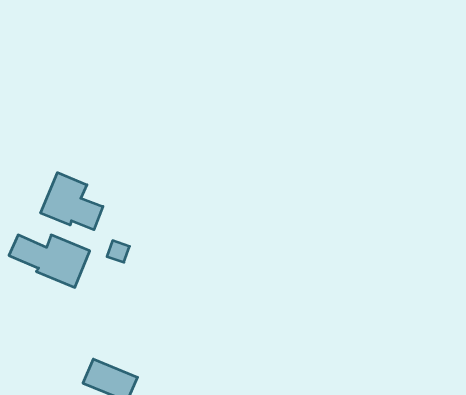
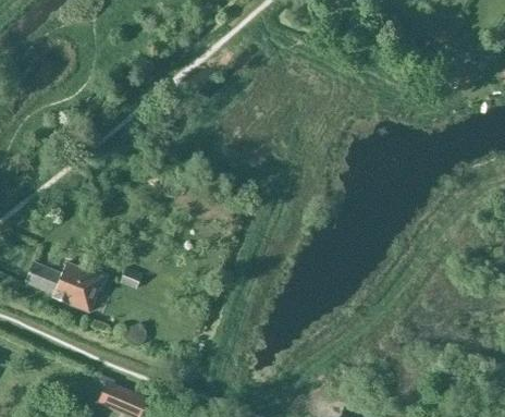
building: [41,173,103,230] -> none

